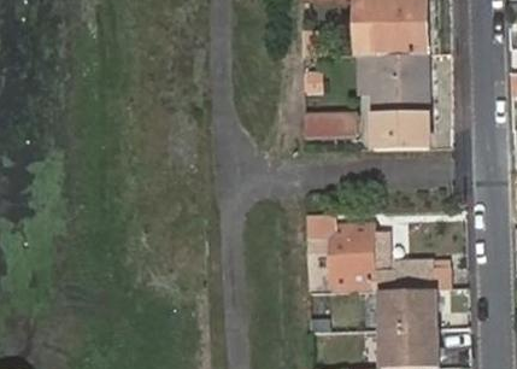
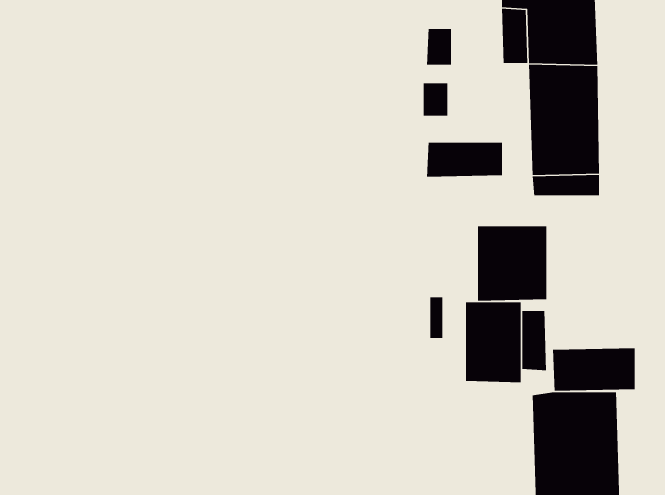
building: none -> [477,226,547,302]

